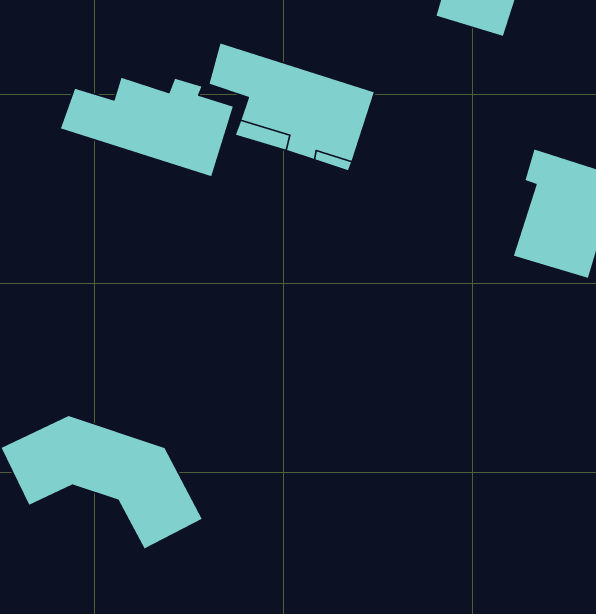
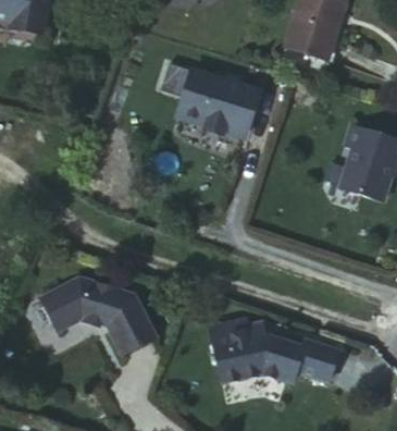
building: [60,77,234,177] -> none
building: none -> [212,323,336,384]

